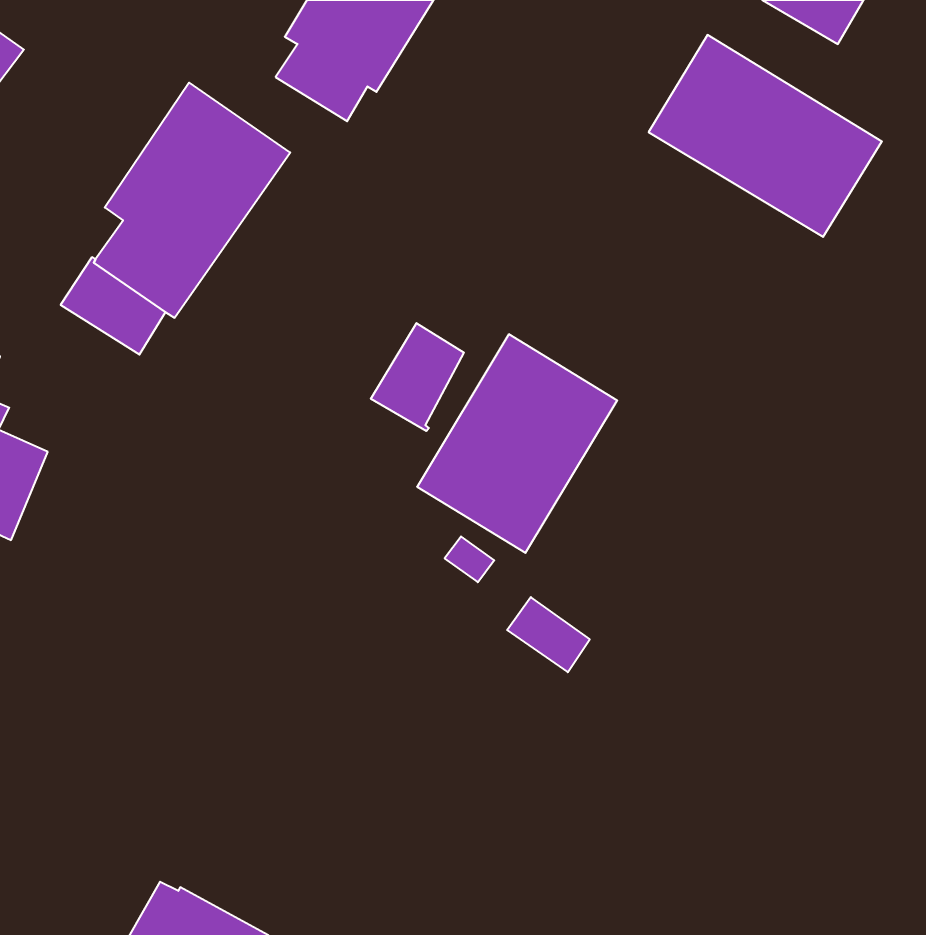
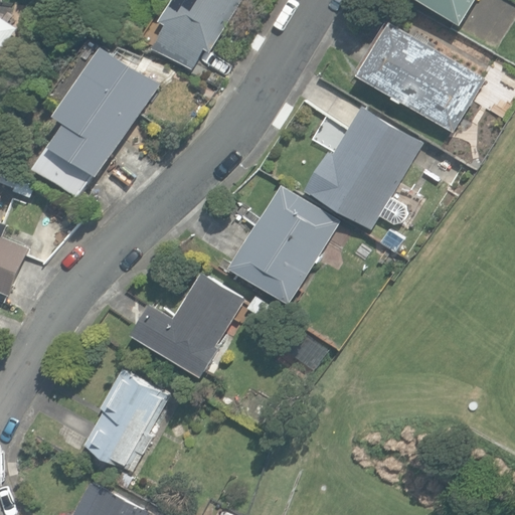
building: none -> [302,108,419,231]
building: [371,323,464,431] -> none
building: none -> [131,273,244,378]
building: none -> [82,370,167,470]

